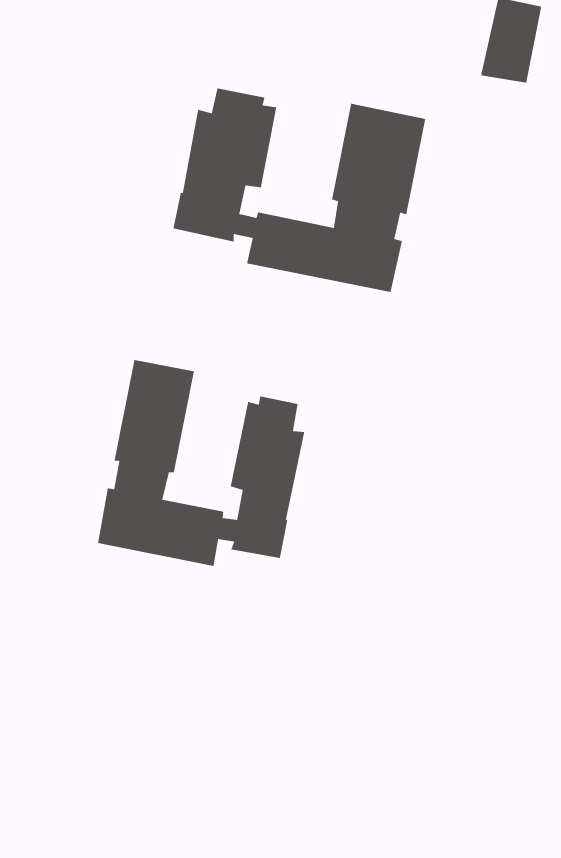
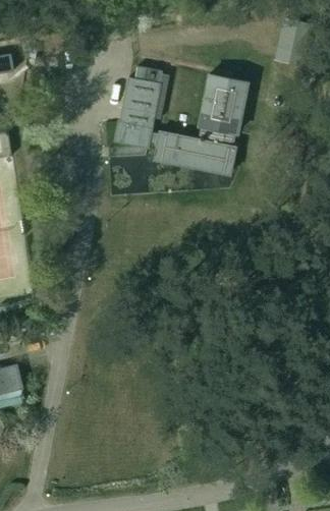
building: [97,359,305,567] -> none

